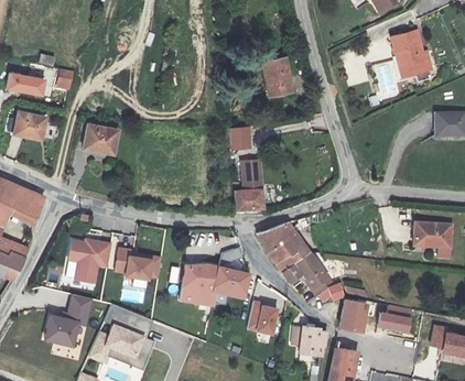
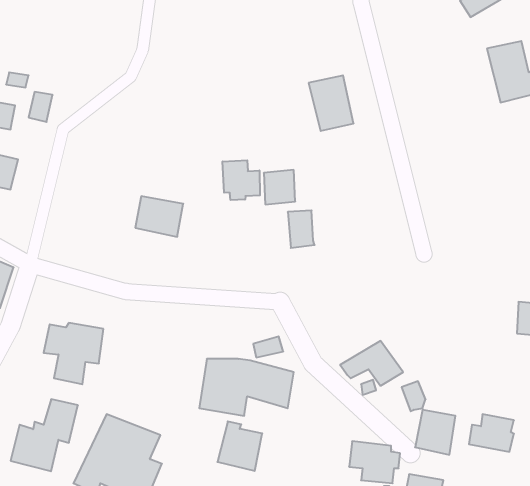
building: none -> [223,160,260,200]
building: [85,126,120,155] -> [135,196,183,237]
building: [237,181,267,203] -> none
building: [261,218,314,269] -> none
building: [115,247,160,280] -> none
building: [248,298,281,335] -> [217,421,262,471]

